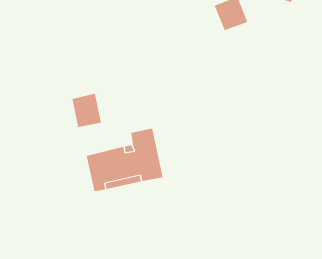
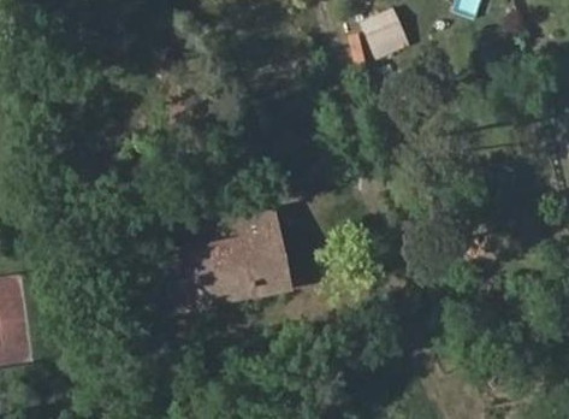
building: [72,93,101,128] -> none

